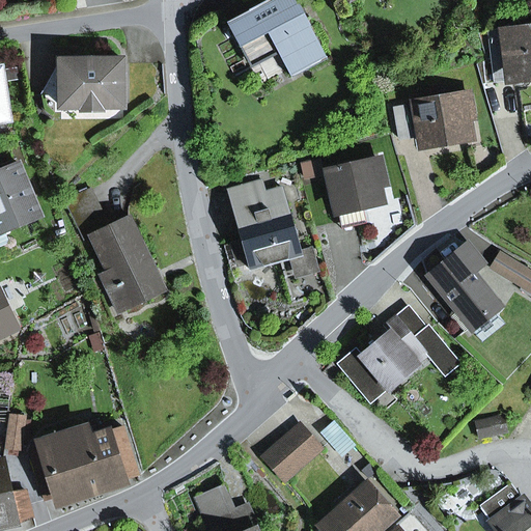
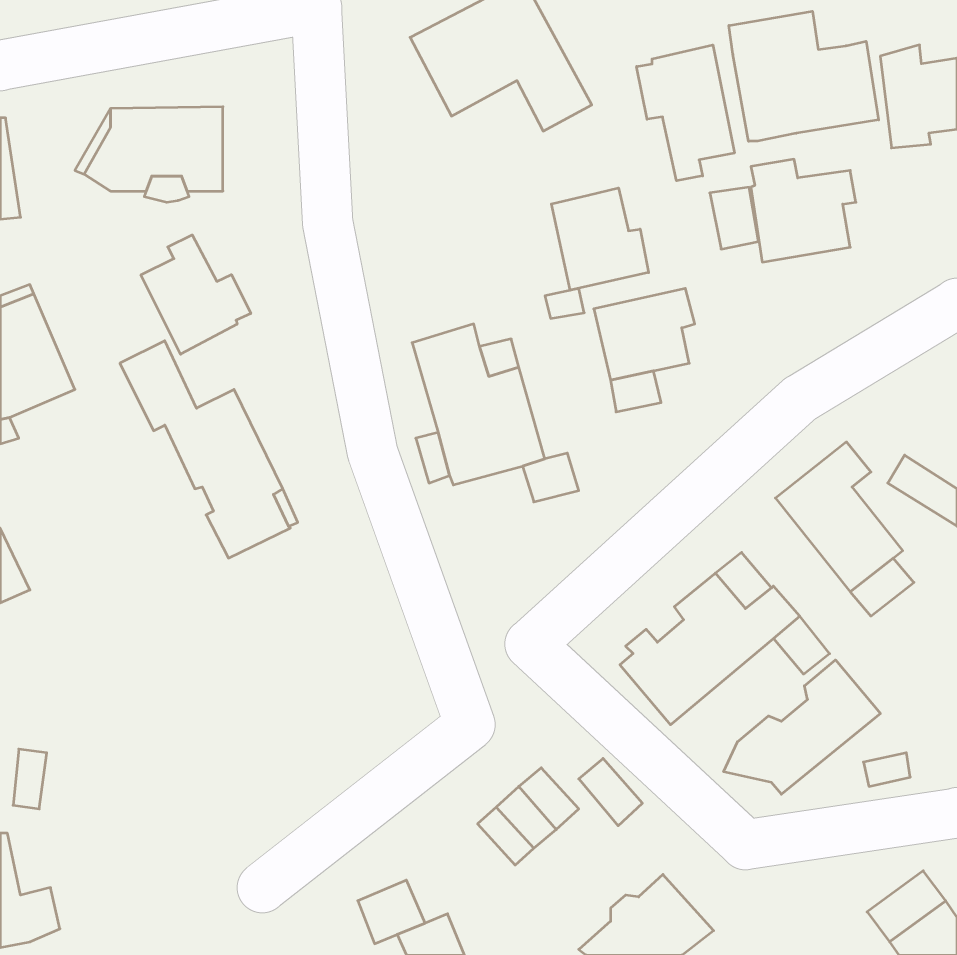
building: none -> [729,11,879,141]
building: none -> [637,45,734,181]
building: none -> [551,188,649,290]
building: none -> [141,235,251,354]
building: none -> [724,660,880,794]
building: [31,426,138,501] -> none

